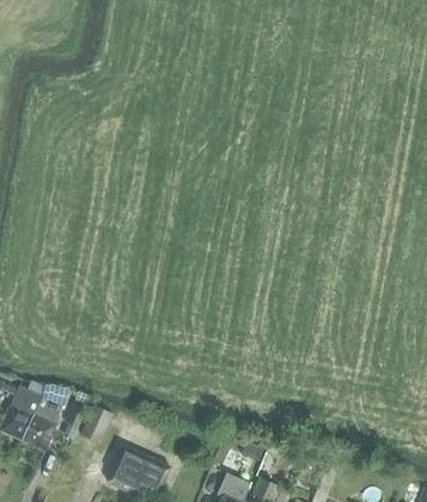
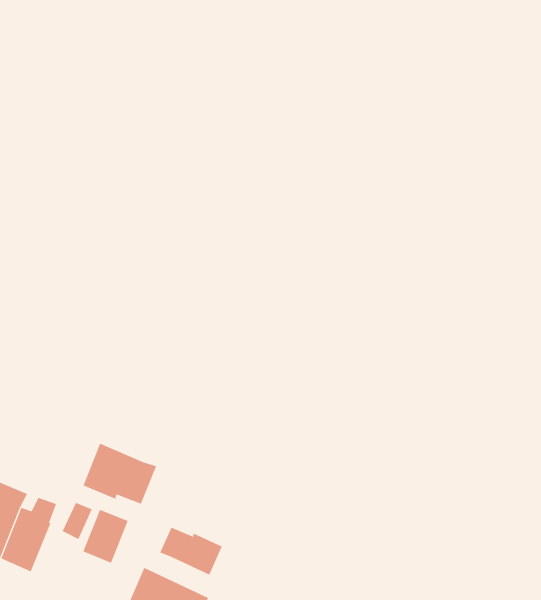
building: none -> [83,443,157,505]
building: none -> [159,527,222,575]

